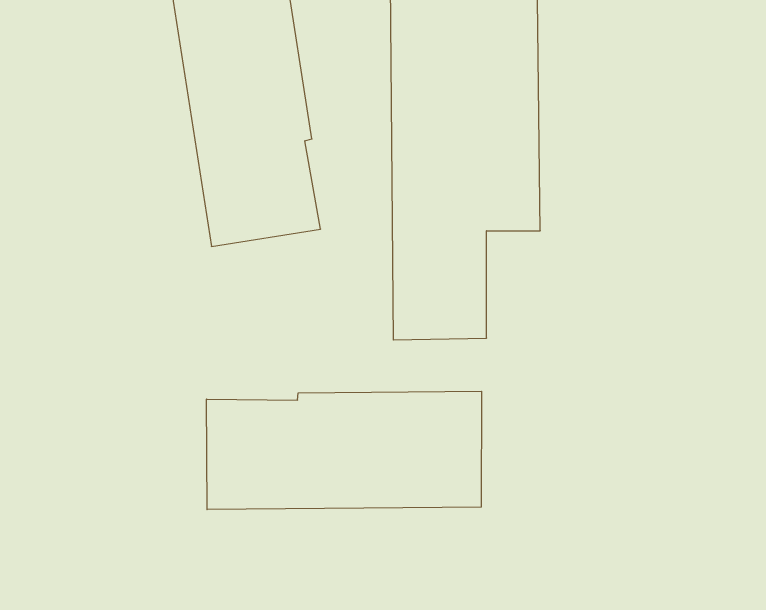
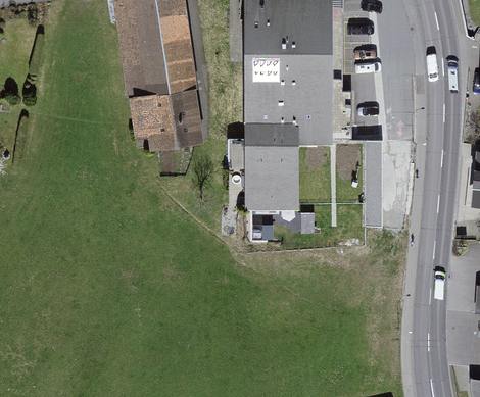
building: [207,391,481,510] -> none

